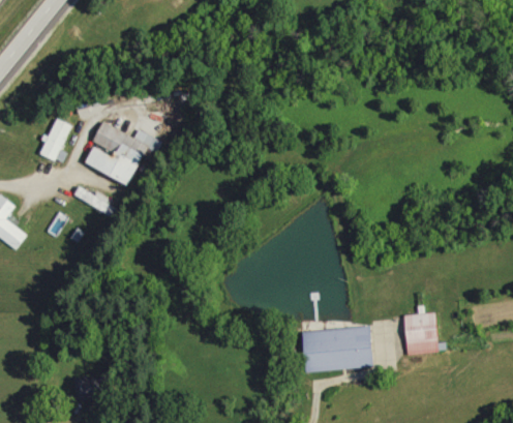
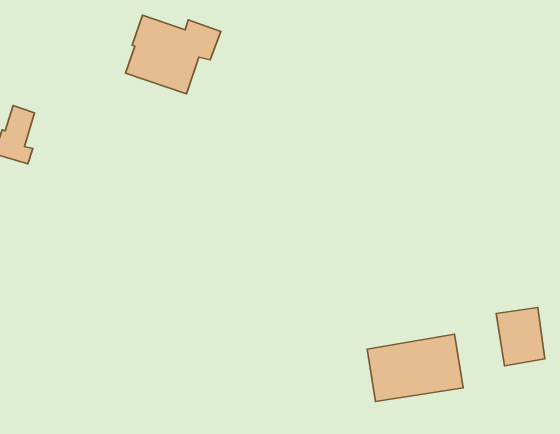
building: [84,122,159,185] -> [126,15,221,94]
building: [71,186,116,218] -> none

